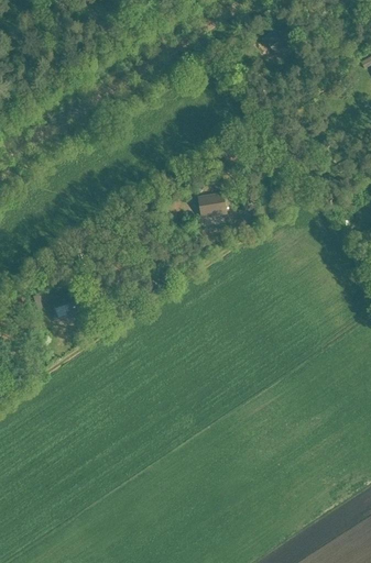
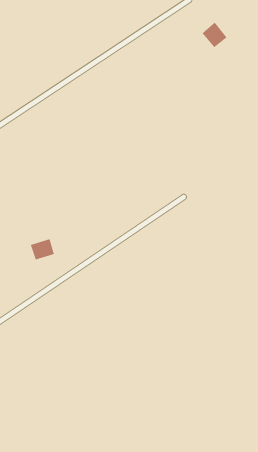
building: [198,194,229,221] -> none

